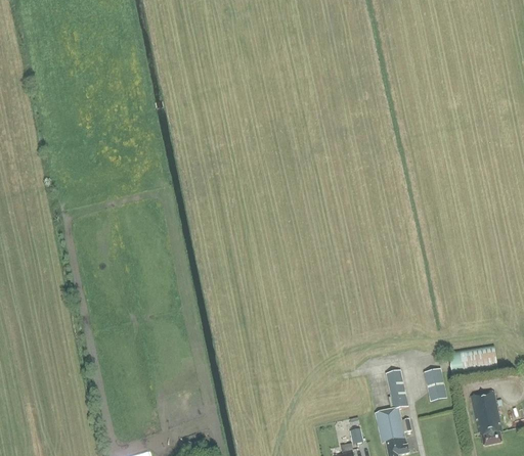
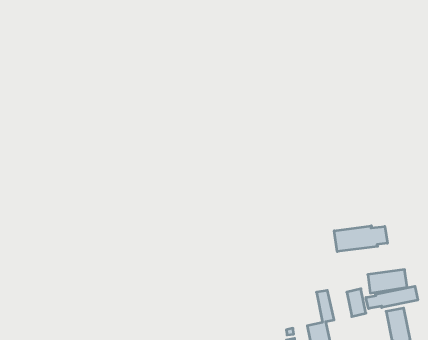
building: none -> [334,226,387,252]
building: none -> [366,286,418,309]

